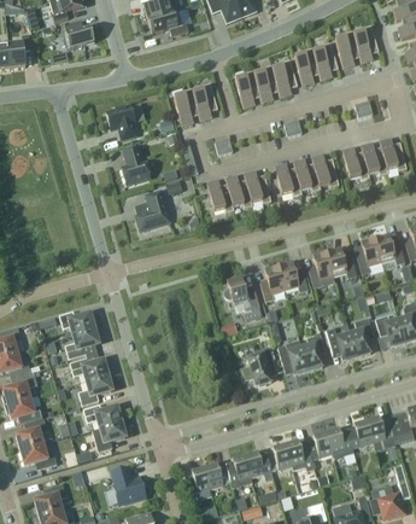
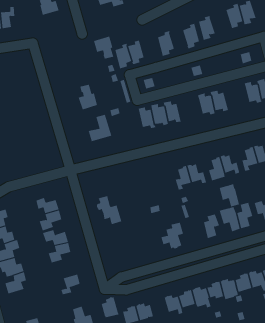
building: [312,42,338,80] -> none
building: [253,65,279,101] -> none
building: [106,105,136,139] -> [93,36,114,59]
building: [342,149,369,180] -> none
building: [275,164,301,196] -> none
building: [224,278,262,320] -> [96,196,122,225]
building: [277,340,307,374] -> [219,184,240,207]
building: [82,404,121,427] -> none
building: [19,443,57,468] -> none
building: [225,455,252,485] -> [101,297,119,318]

